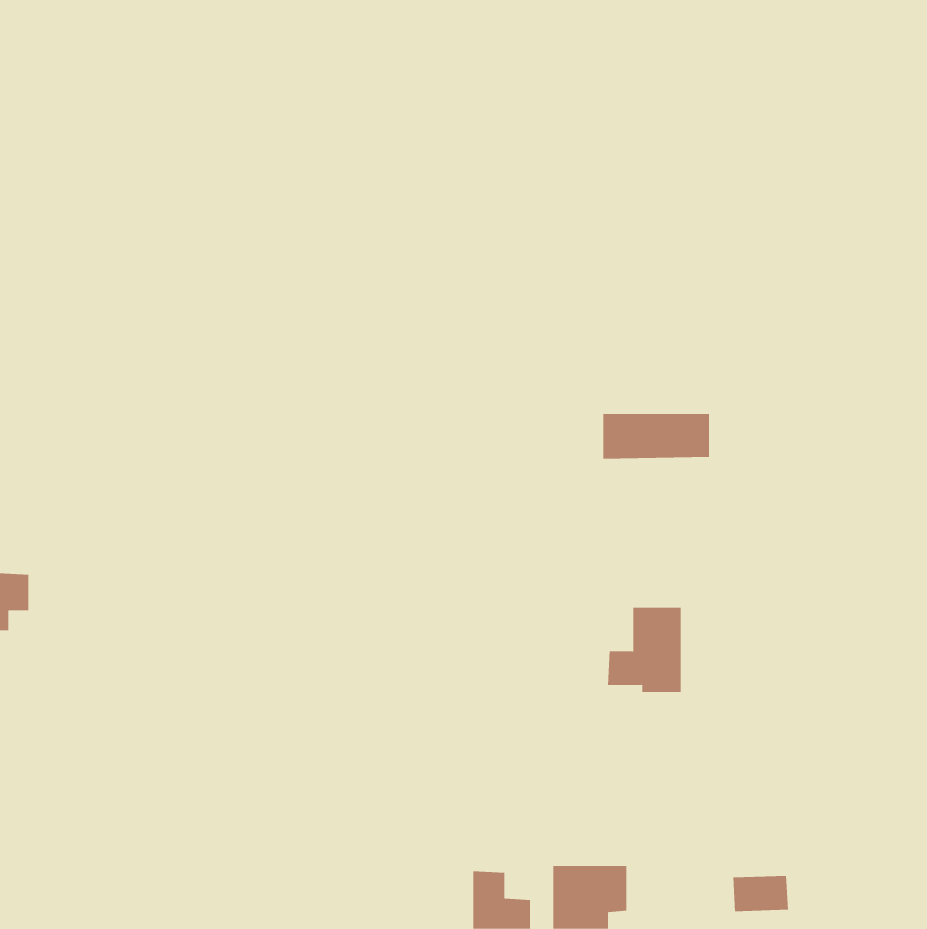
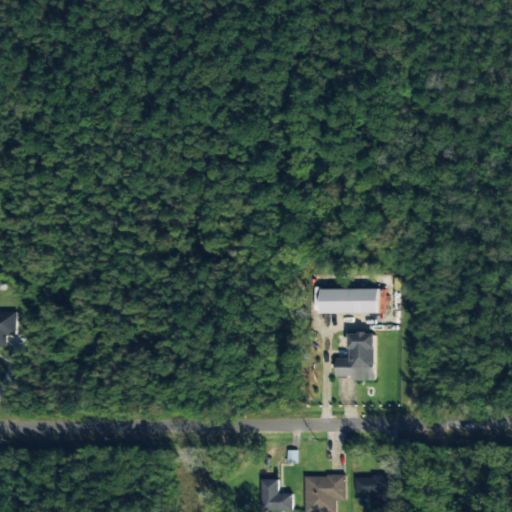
building: [603,414,710,459] -> [319,289,378,314]
building: [732,875,789,912] -> [353,476,384,496]

